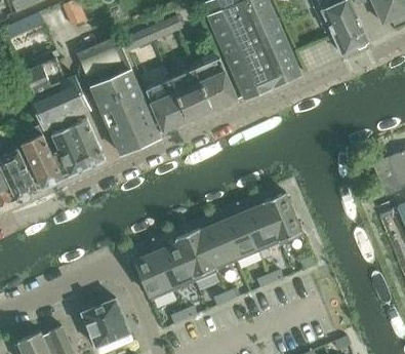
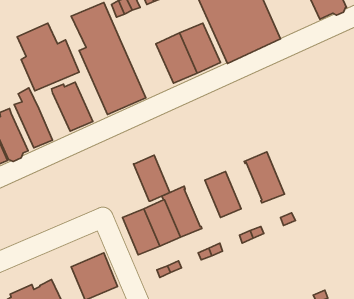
building: [145,79,188,131] -> none
building: [47,130,80,180] -> none
building: [242,203,280,251] -> none
building: [199,222,237,270] -> [133,155,170,201]

